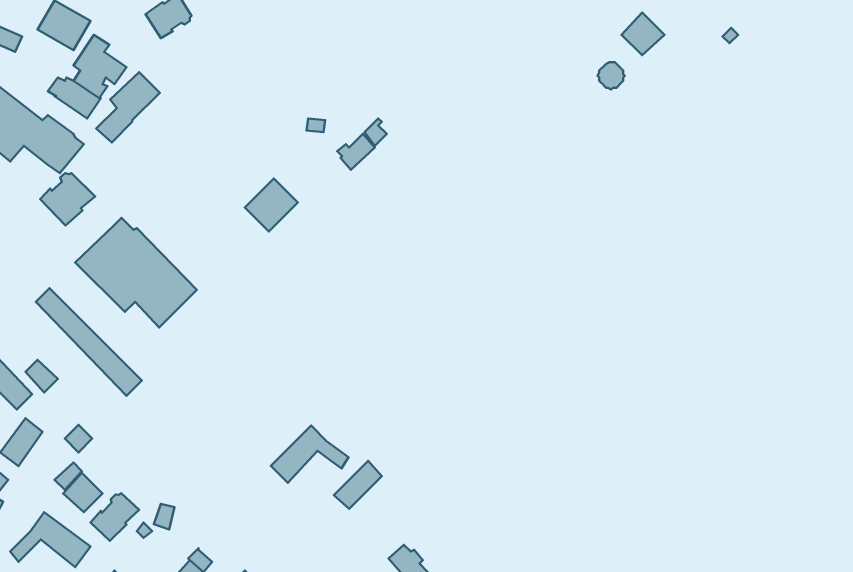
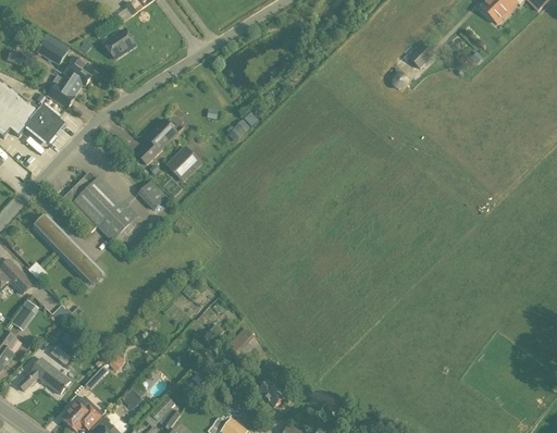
building: [96,72,160,142] -> [136,120,176,164]
building: [40,173,95,225] -> none
building: none -> [136,180,166,210]
building: [271,425,349,483] -> none
building: [91,493,139,541] -> none

